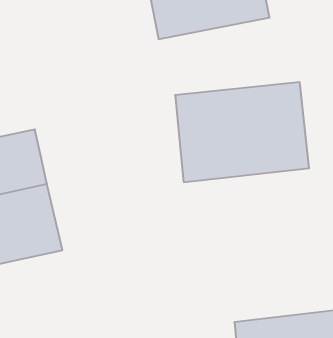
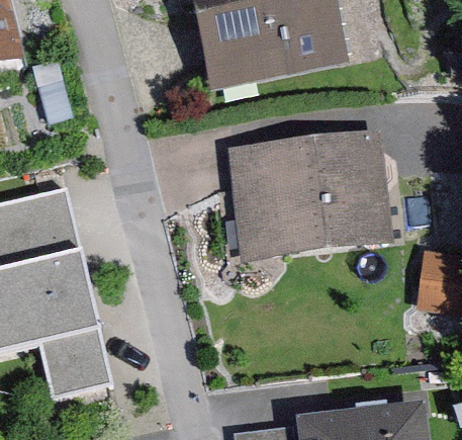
building: none -> [39,332,111,400]

